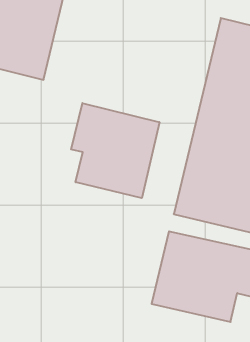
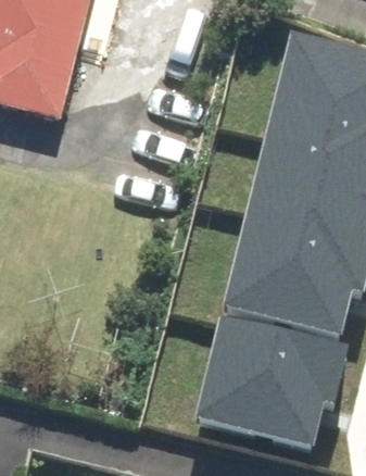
building: [71,103,159,198] -> none

